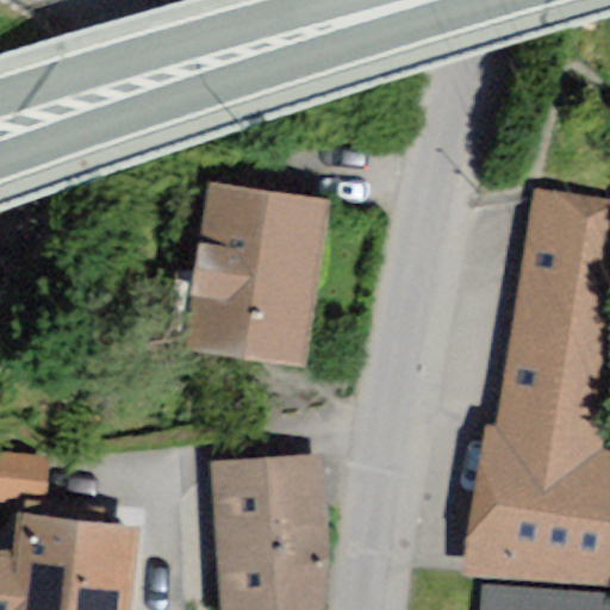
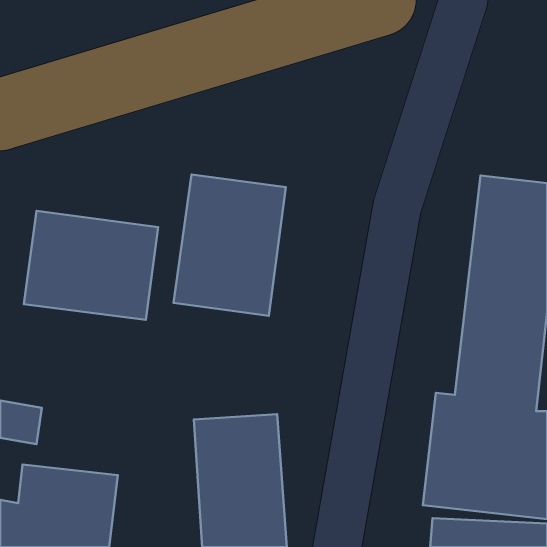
building: none -> [24,211,158,320]

